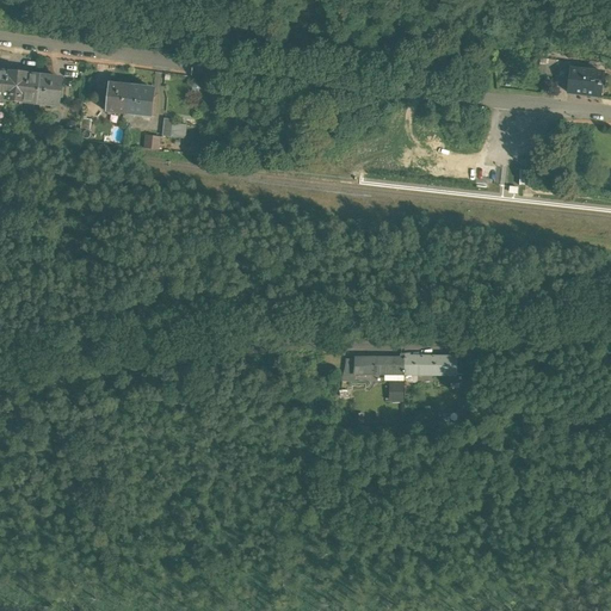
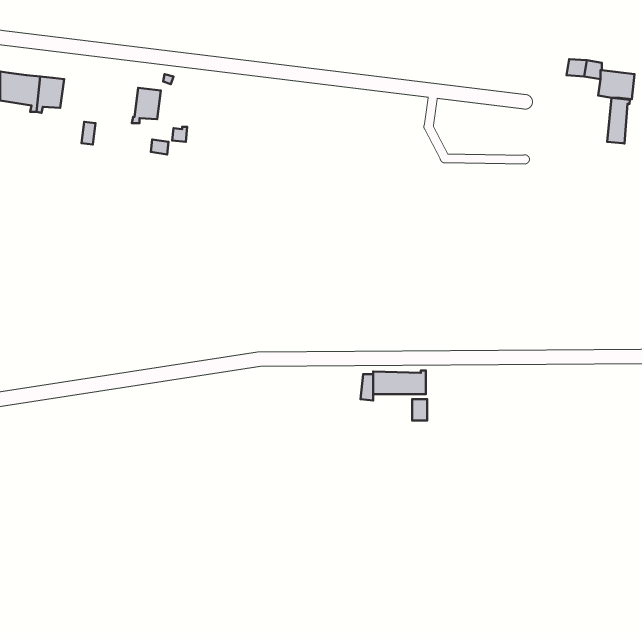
building: [105,81,131,117] -> none
building: none -> [607,98,630,144]
building: [405,352,457,375] -> none

